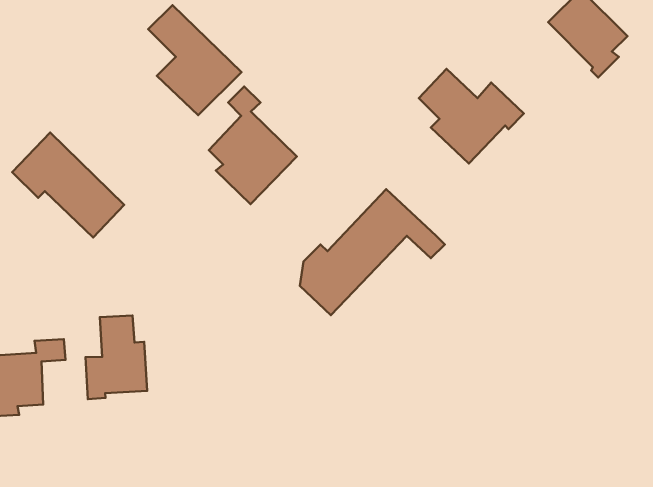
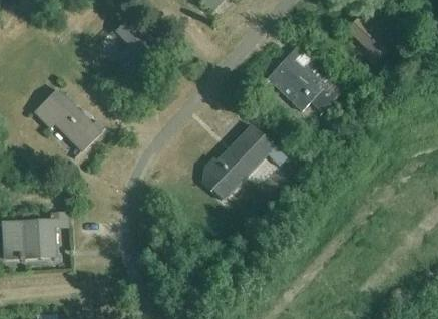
building: [209,87,297,204] -> none
building: [85,315,147,399] -> none

